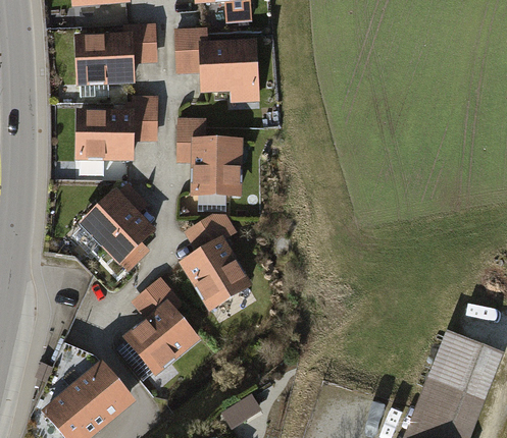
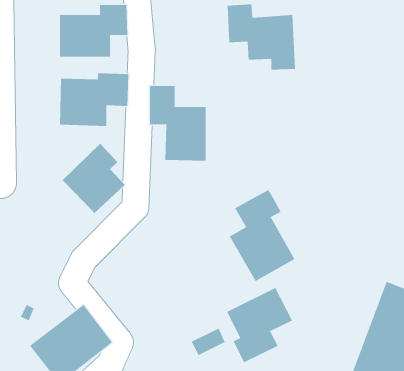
building: [181,26,258,101] -> [227,4,296,70]
building: [178,208,252,312] -> [229,189,295,282]
building: [120,273,198,375] -> none
building: none -> [226,287,293,363]

